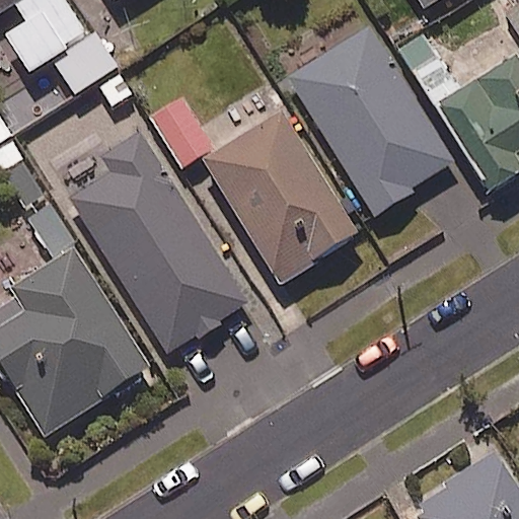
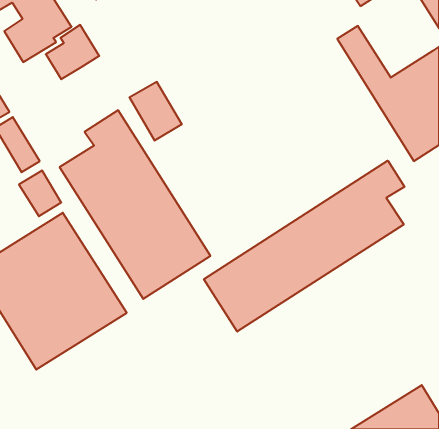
building: [288,25,453,215] -> none
building: [204,114,357,282] -> none
building: none -> [204,161,404,332]

